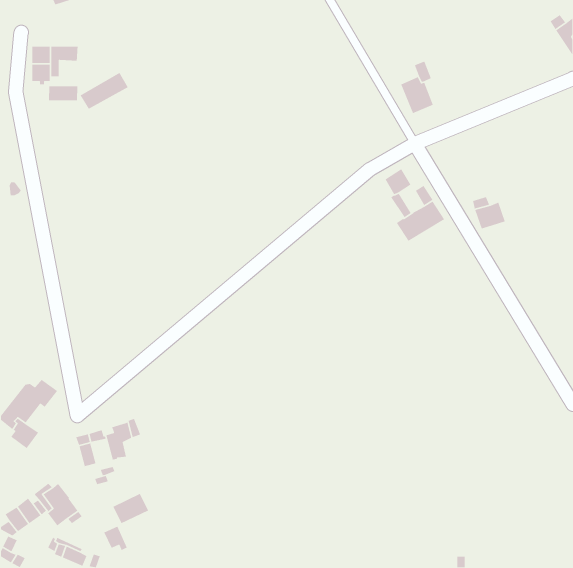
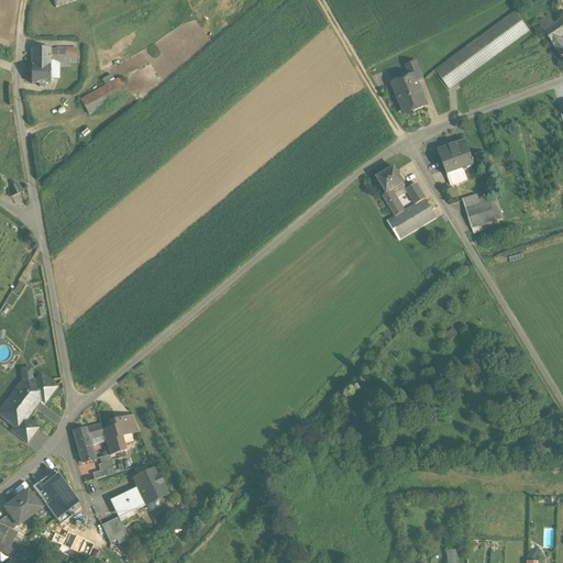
building: none -> [434,9,529,87]
building: [48,85,78,101] -> none
building: none -> [438,137,475,173]
building: none -> [137,466,167,501]

